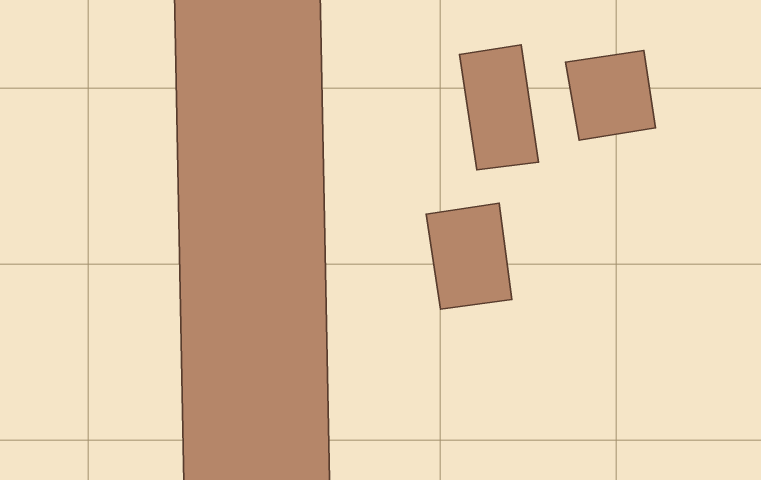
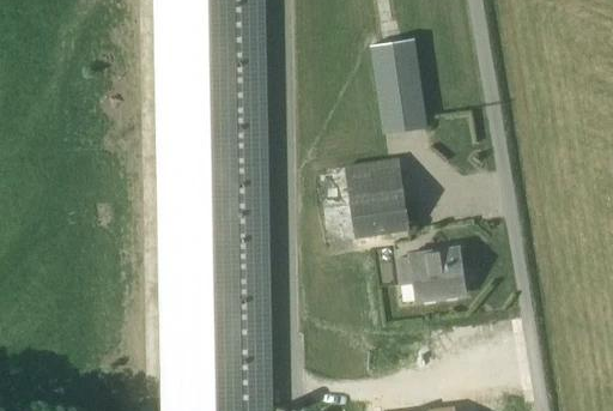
building: [566,51,655,140] -> none
building: none -> [396,247,463,300]

